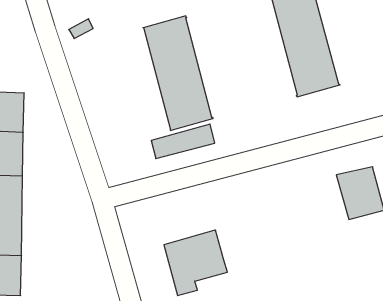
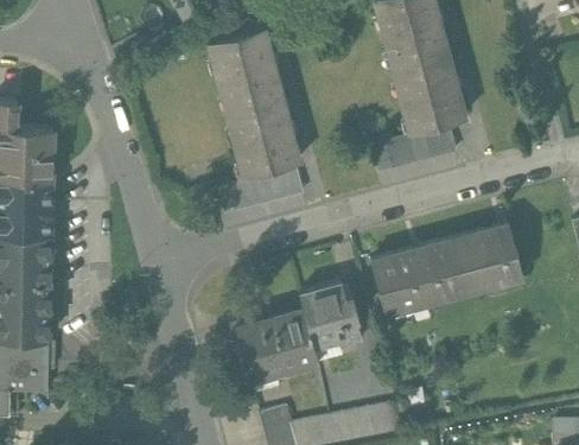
building: none -> [370,128,454,174]
building: none -> [370,235,477,318]
building: none -> [298,282,362,347]

